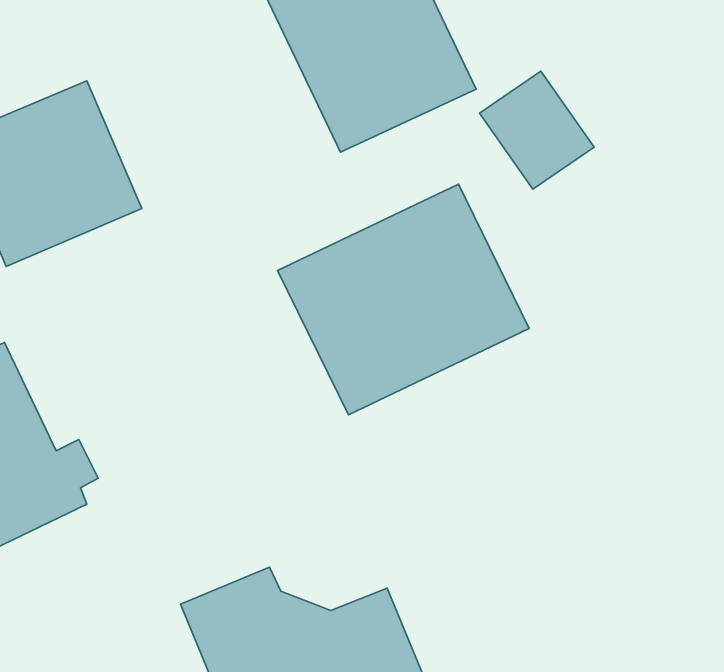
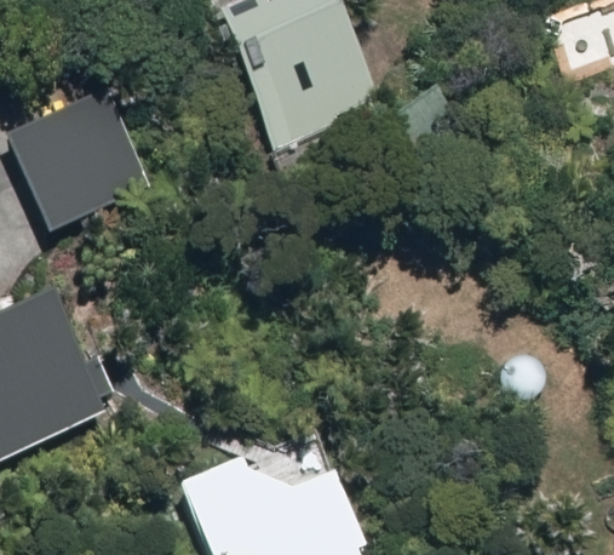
building: [278,184,529,415] -> none

